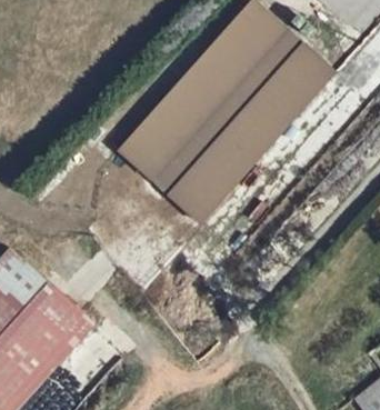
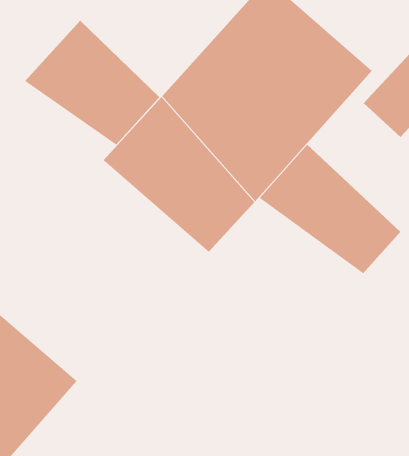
building: none -> [24,20,160,145]
building: none -> [259,144,401,274]

